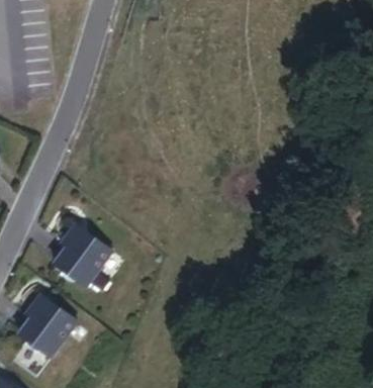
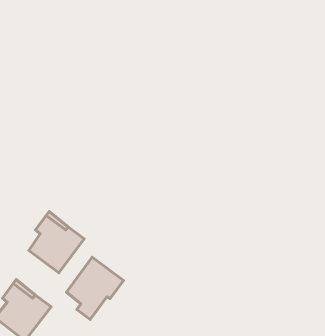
building: none -> [66,257,124,320]

